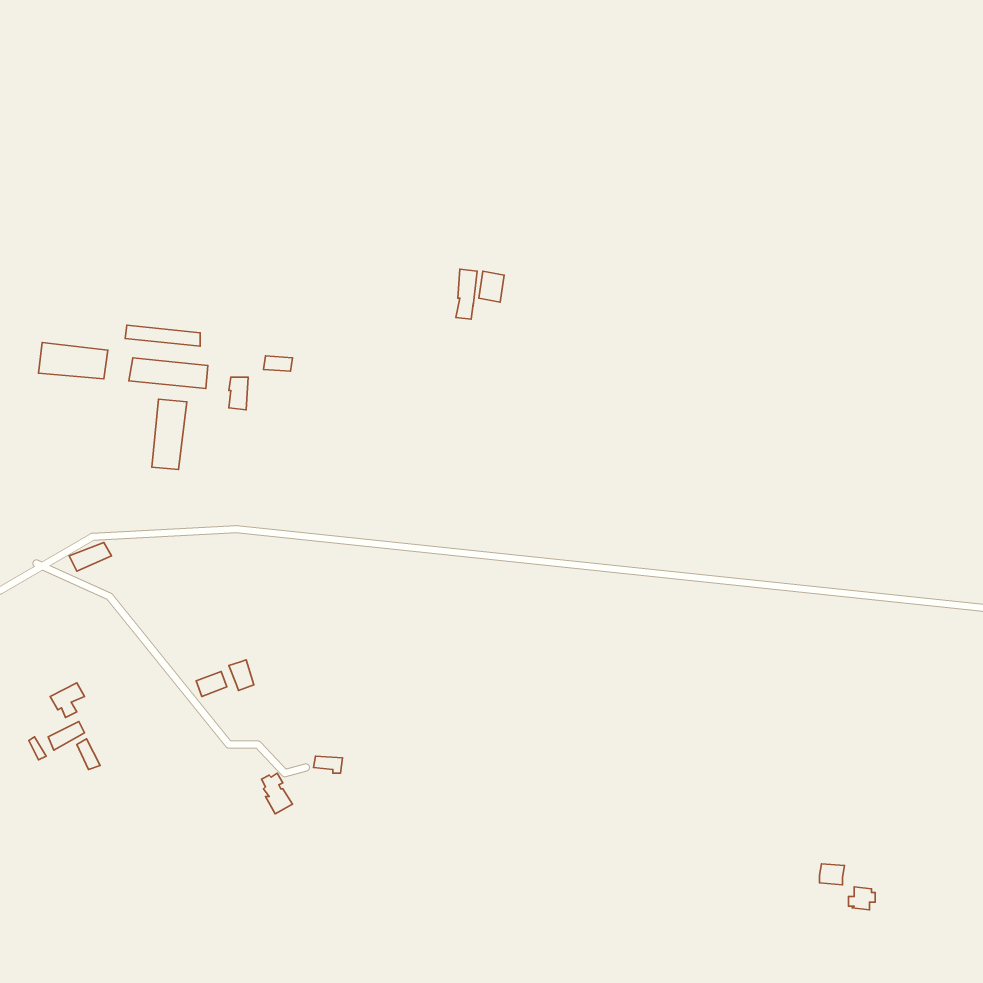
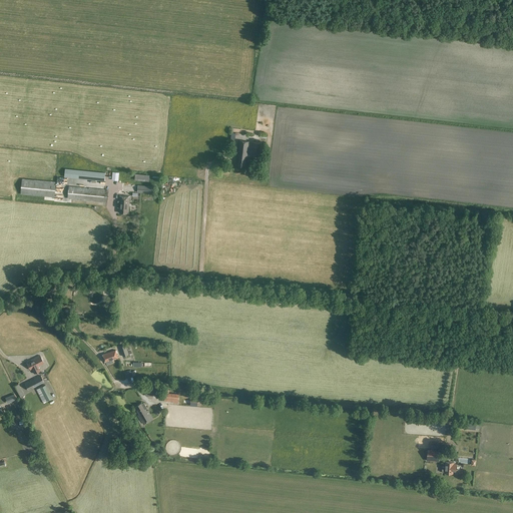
building: [152,399,187,469] -> none

